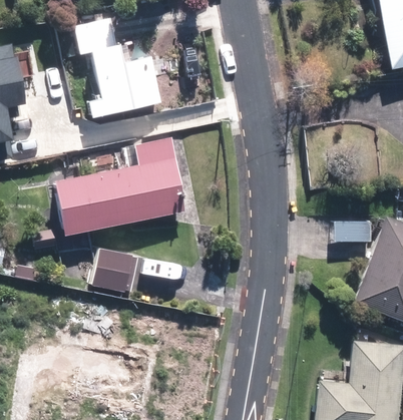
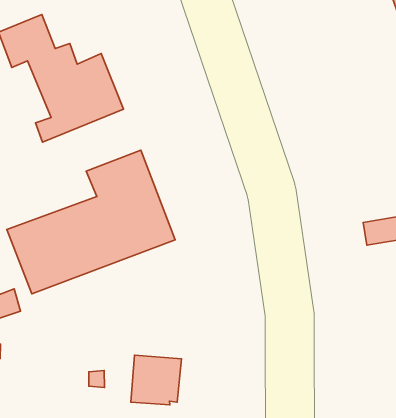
building: [93,249,138,292] -> [131,355,182,405]

